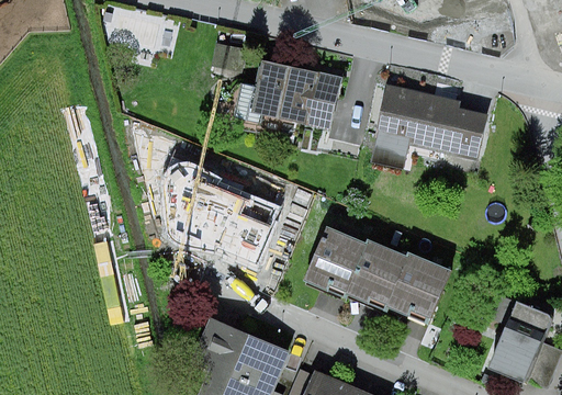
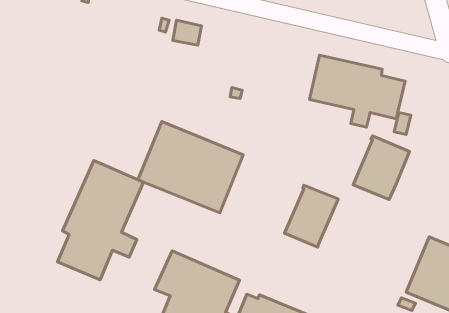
building: [231,59,341,131] -> none
building: none -> [57,160,143,280]
building: [303,226,367,301] -> none
building: [384,251,451,327] -> [353,136,410,200]

